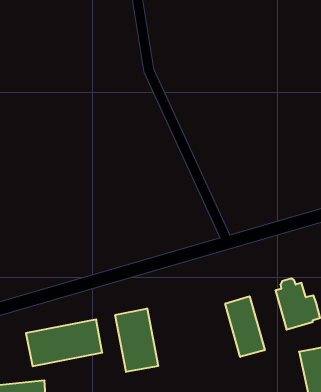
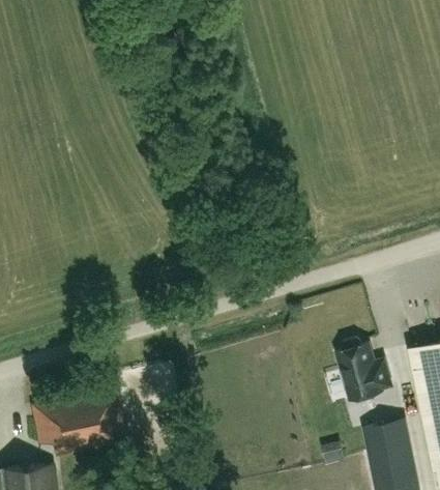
building: [225,296,265,357] -> none
building: [115,308,158,372] -> none

